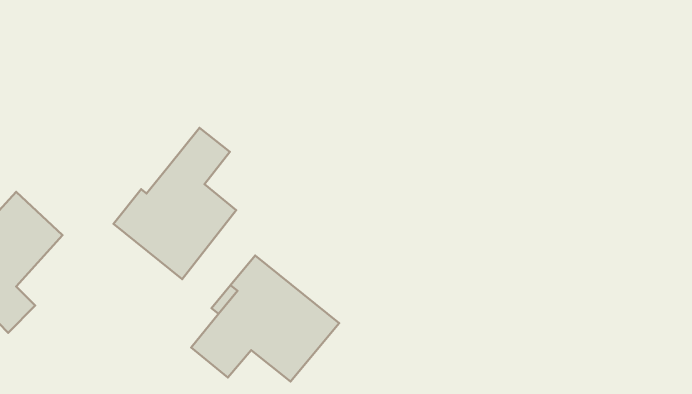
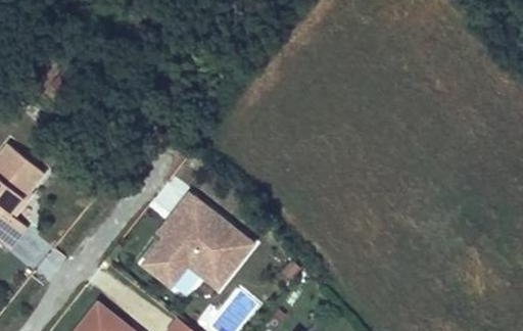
building: [113,128,236,279] -> none

